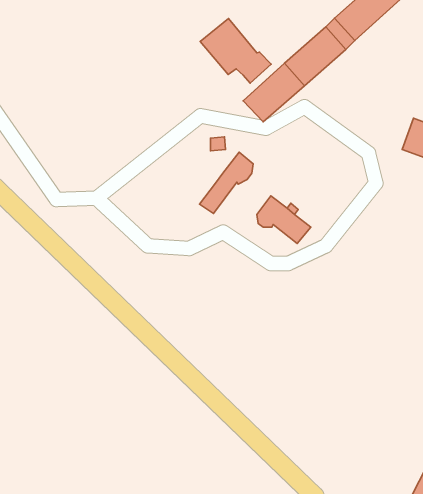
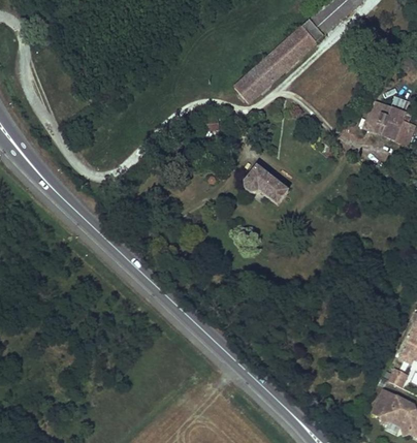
building: [200,19,271,83] -> none
building: [199,152,253,213] -> none

